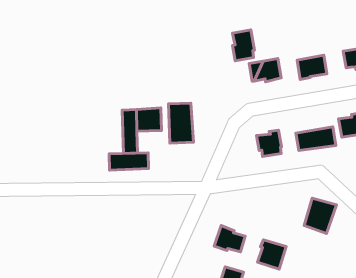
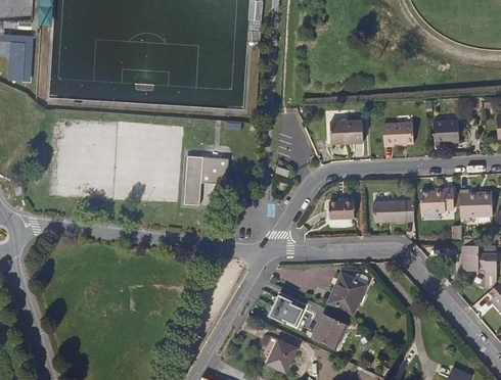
building: [232,30,255,61] -> none
building: [169,103,193,143] -> none
building: [109,153,149,170] -> none
building: [304,198,337,233] -> [329,274,367,314]

